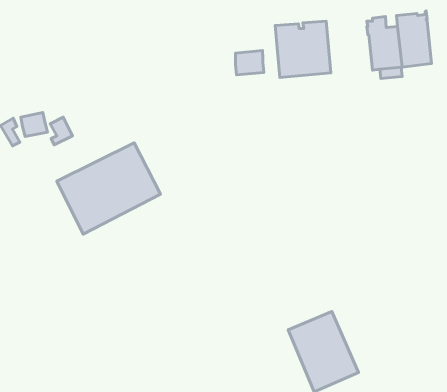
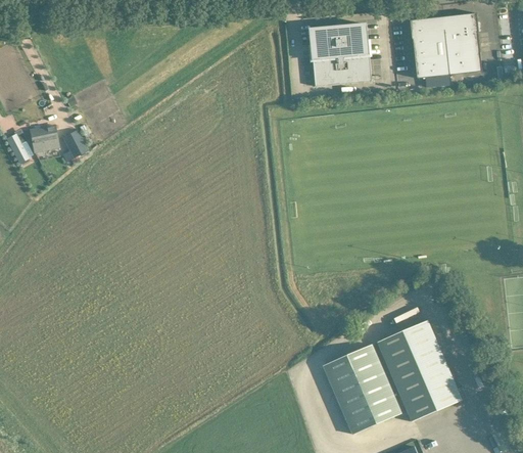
building: [235,51,264,75] -> none
building: [57,143,161,234] -> none
building: none -> [377,320,461,421]

